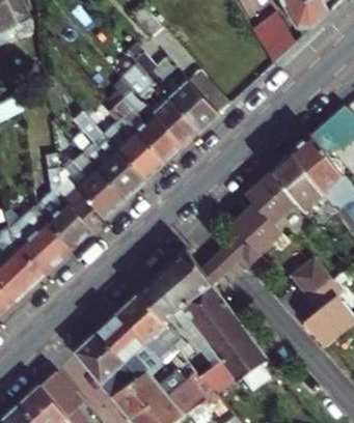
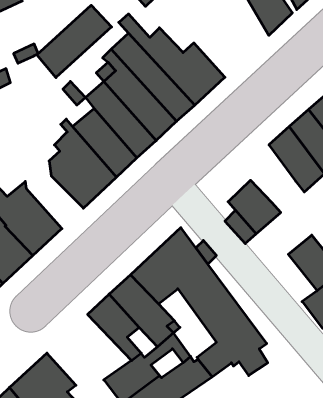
building: none -> [37,5,112,78]
building: [36,154,92,250] -> none
building: [246,169,298,225] -> none
building: [76,333,139,396] -> none

